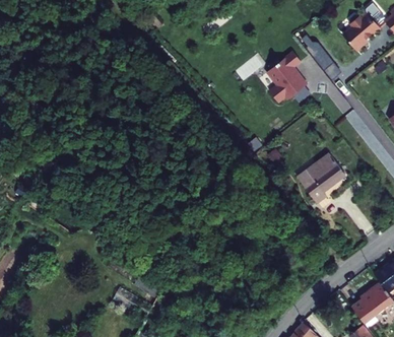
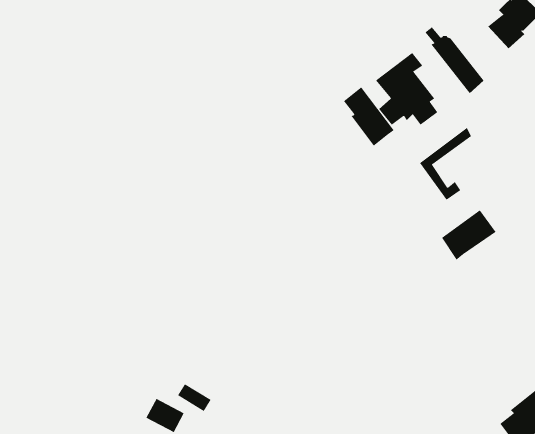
building: none -> [343,87,394,146]
building: [302,156,337,206] -> [419,127,472,201]

